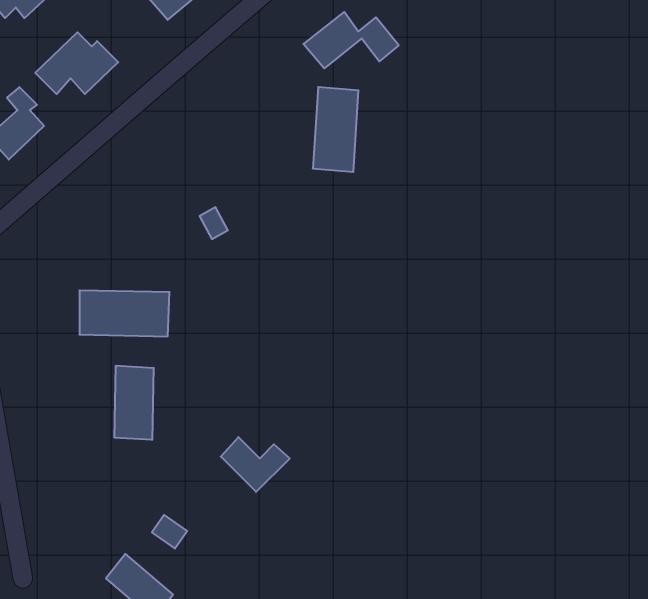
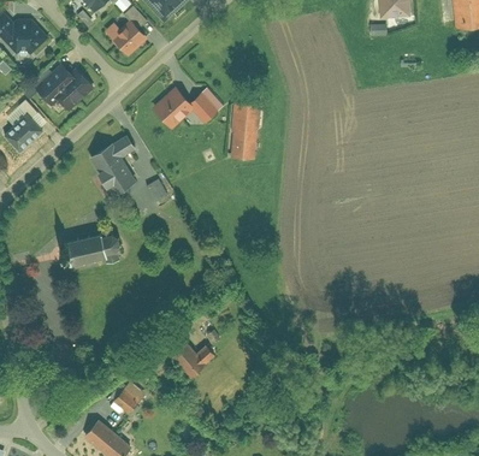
building: [303,12,399,68] -> [152,87,217,125]
building: none -> [85,134,134,199]
building: [115,366,154,440] -> none

